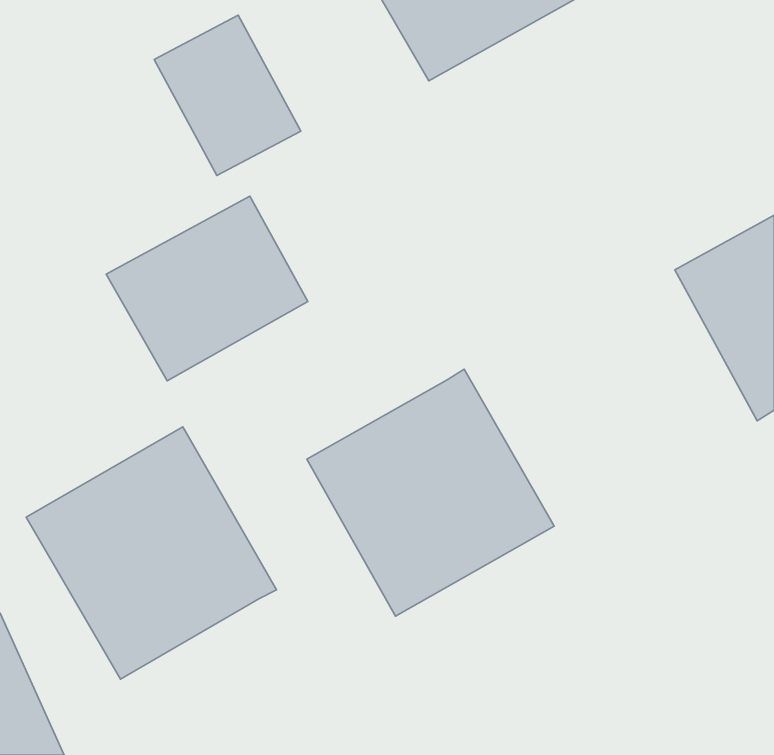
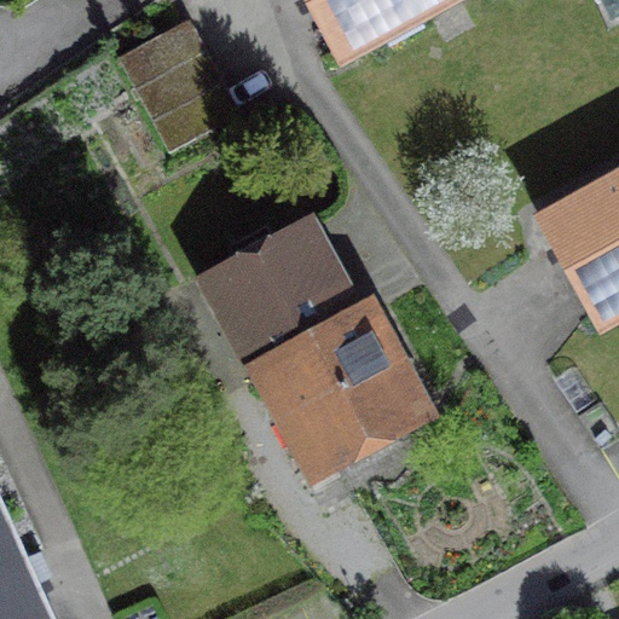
building: [106,196,308,381] -> [195,218,354,364]
building: [26,427,277,679] -> none

